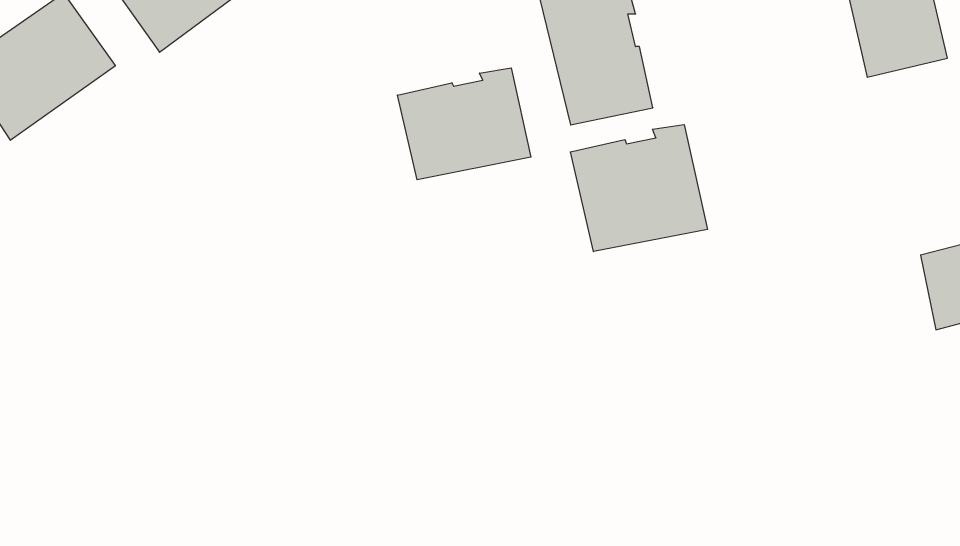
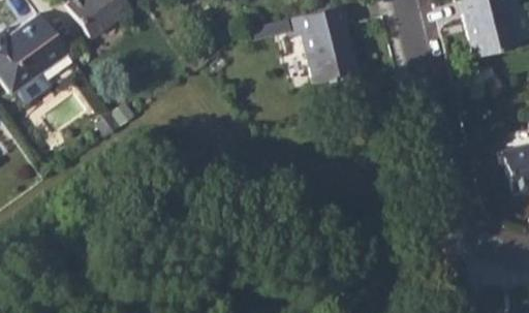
building: [397,68,531,180] -> none
building: [570,125,707,252] -> none

